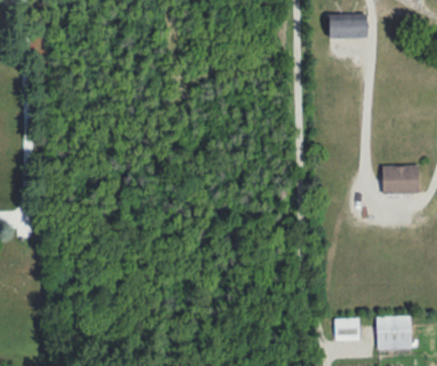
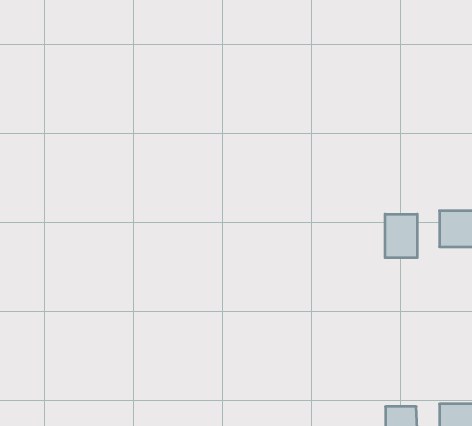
building: [330,14,362,37] -> none
building: none -> [385,214,417,258]

